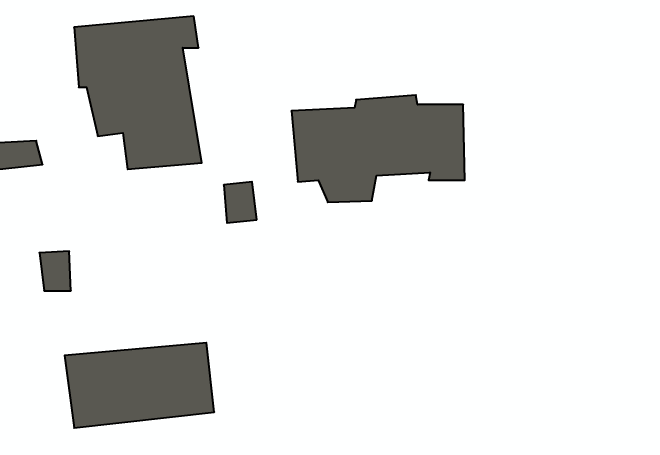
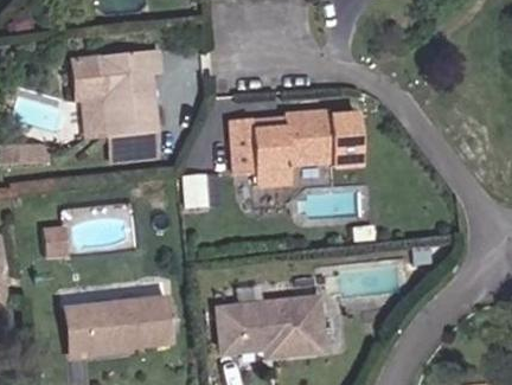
building: none -> [212,295,328,358]

